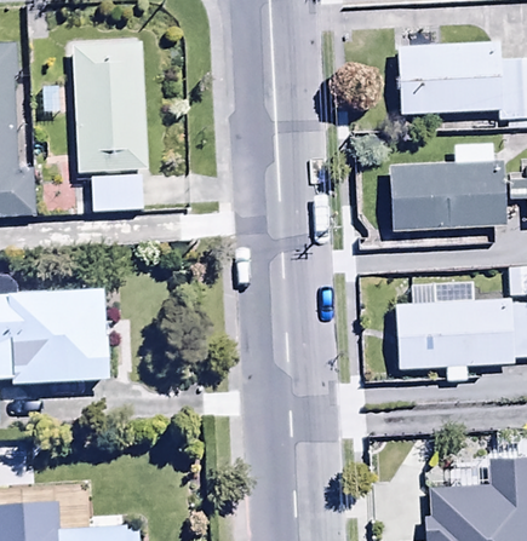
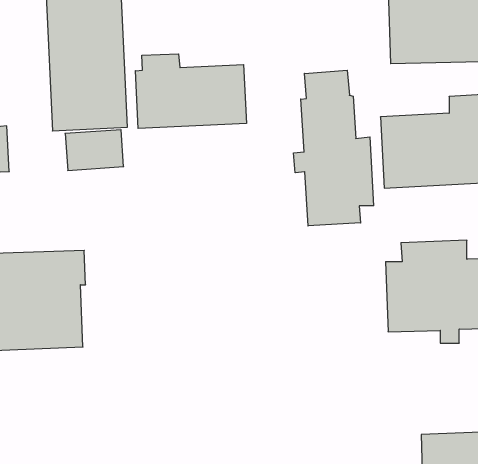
building: none -> [135,54,246,128]
building: none -> [294,70,374,226]

